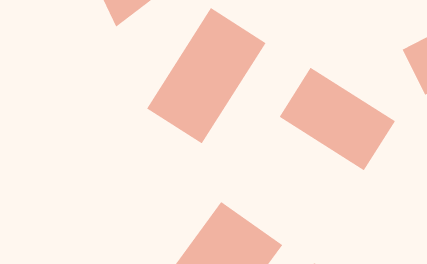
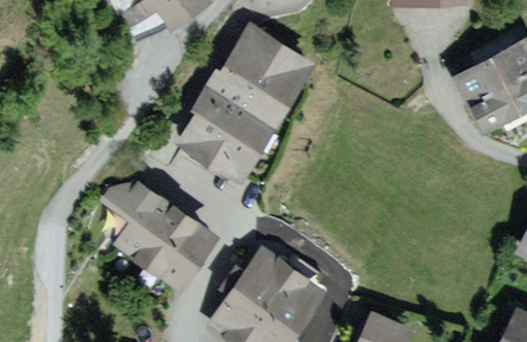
building: [279,67,396,171] -> none
building: none -> [110,172,223,297]

